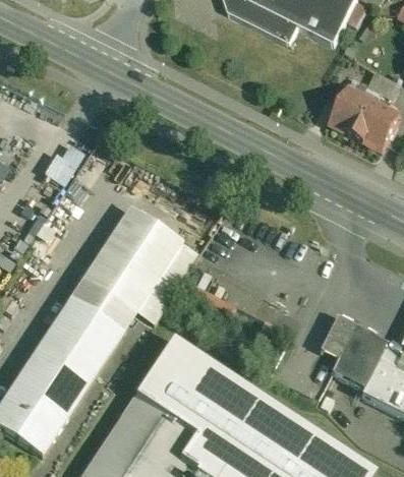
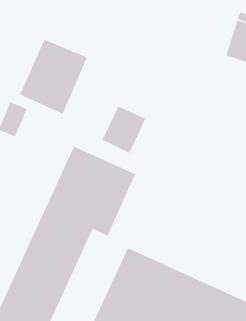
building: none -> [19,39,88,115]
building: none -> [102,105,146,154]

